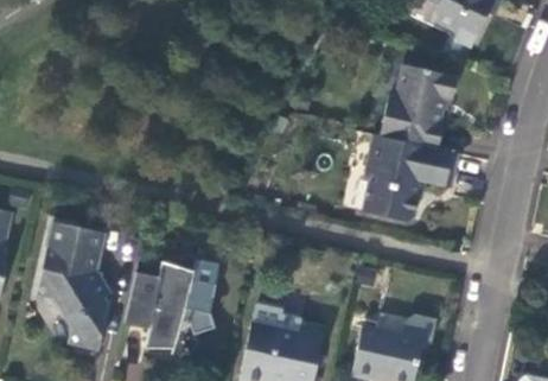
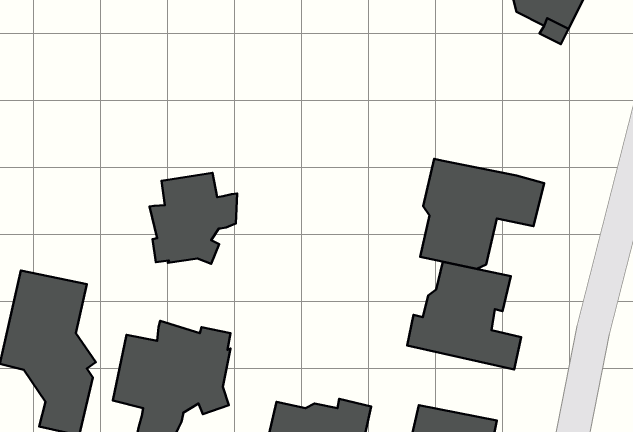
building: [380,65,458,148] -> none
building: none -> [150,173,237,264]
building: none -> [407,262,521,369]

